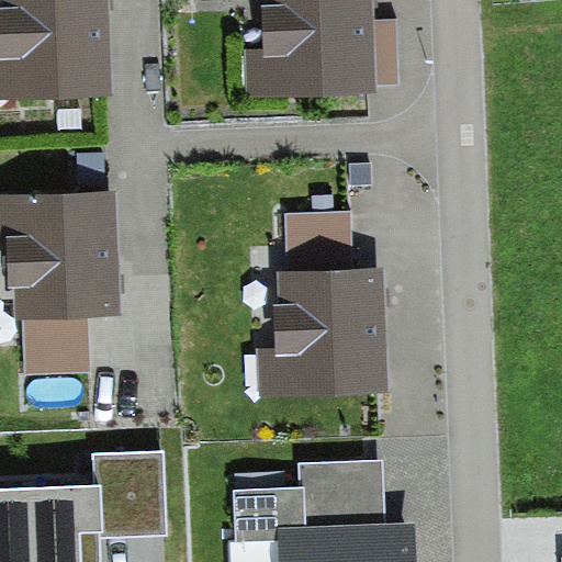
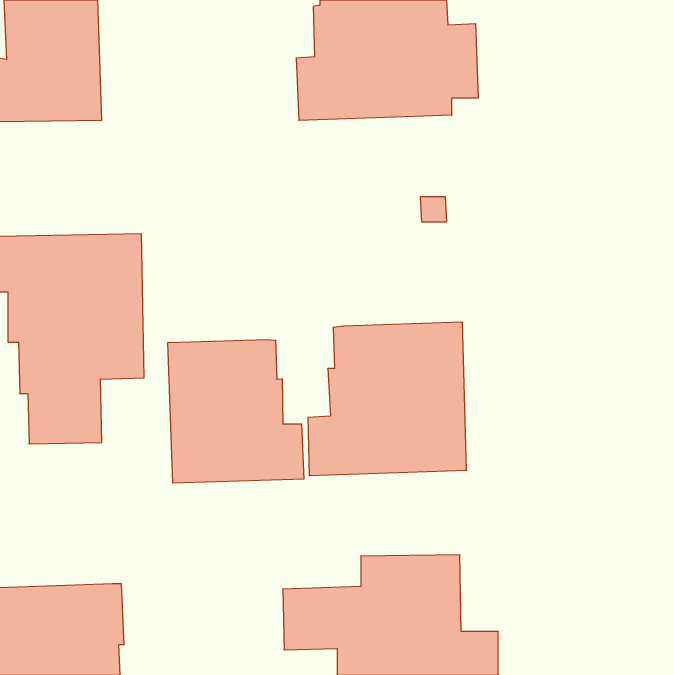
building: [282,212,350,271] -> none
building: none -> [168,340,304,483]
building: [92,452,165,536] -> none

